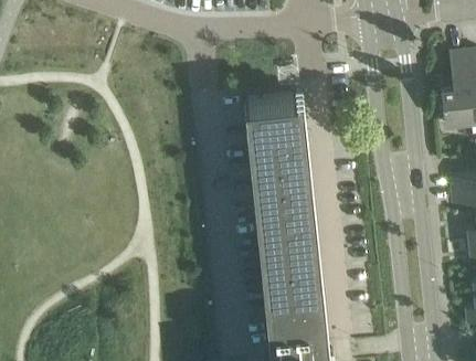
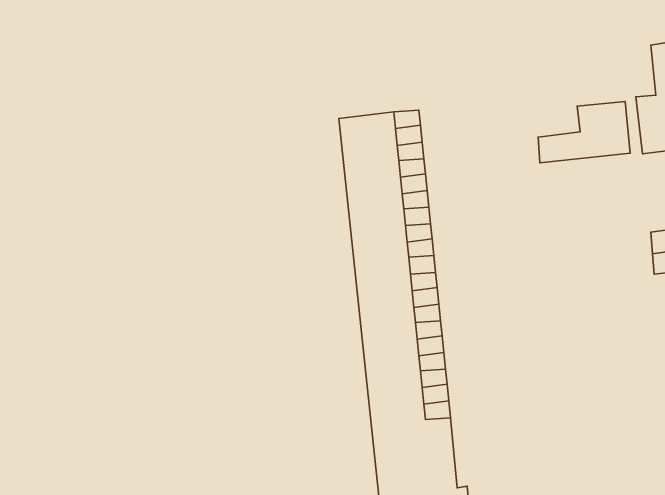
building: none -> [538,102,630,163]

